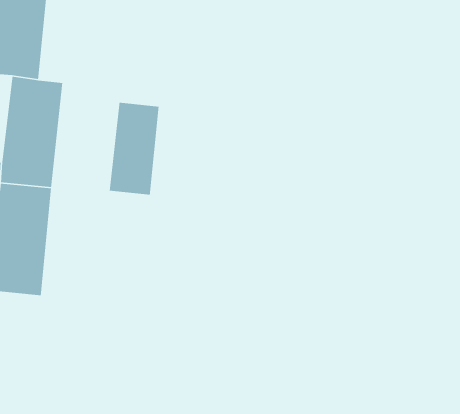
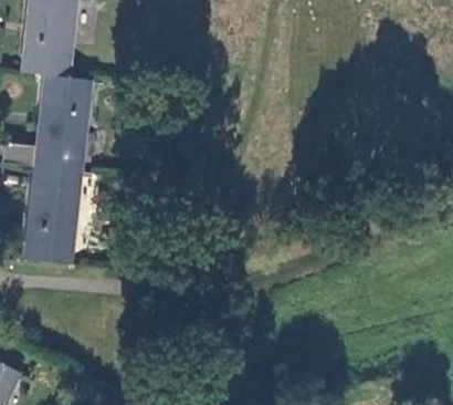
building: [109,102,159,196] -> none

